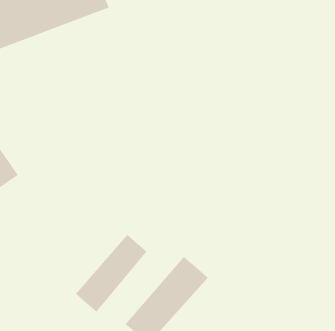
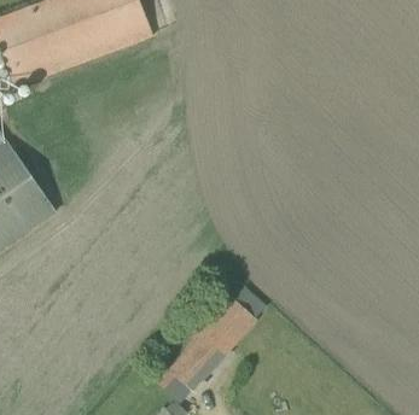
building: [75,234,148,313] -> none

